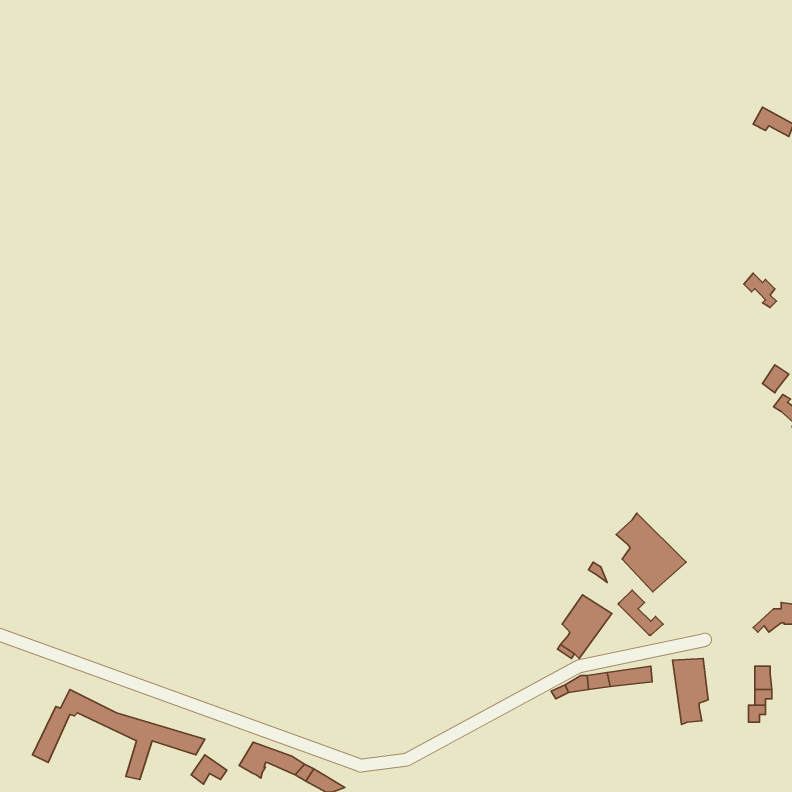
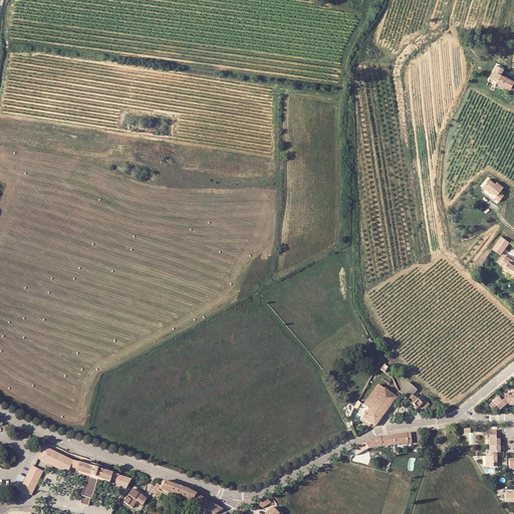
building: [616,513,686,592] -> none
building: [672,659,708,724] -> none

